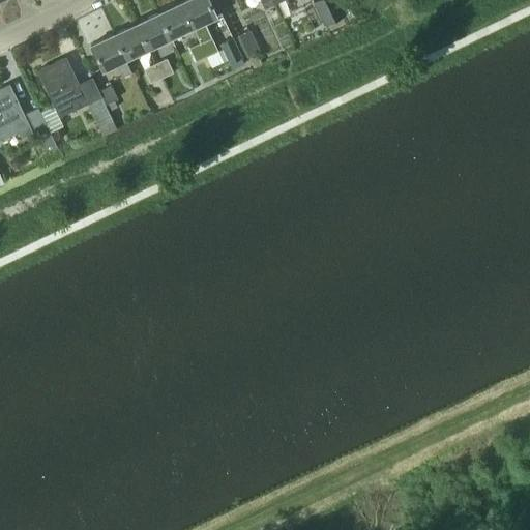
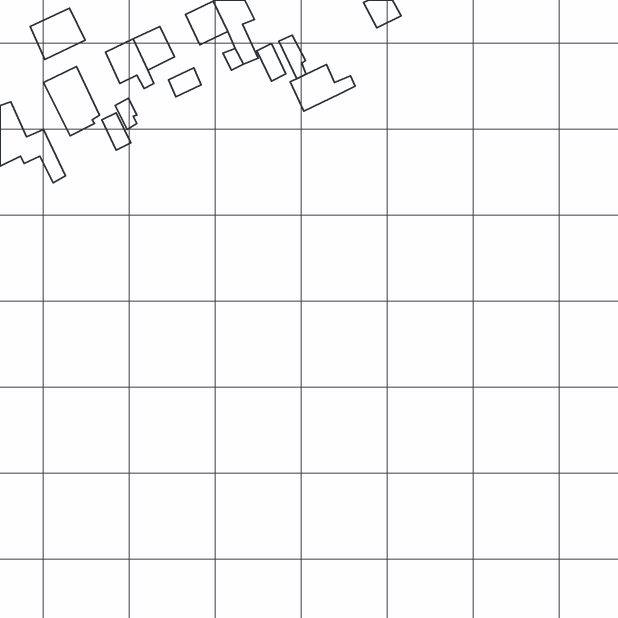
building: none -> [30,8,85,60]
building: [138,13,172,50] -> none
building: none -> [290,65,355,111]

